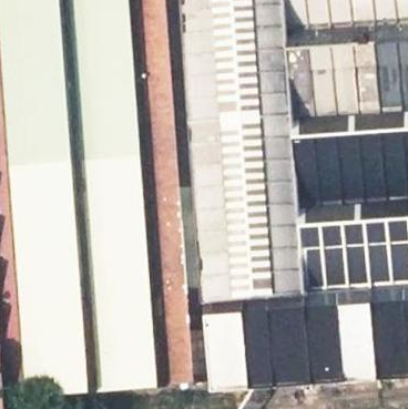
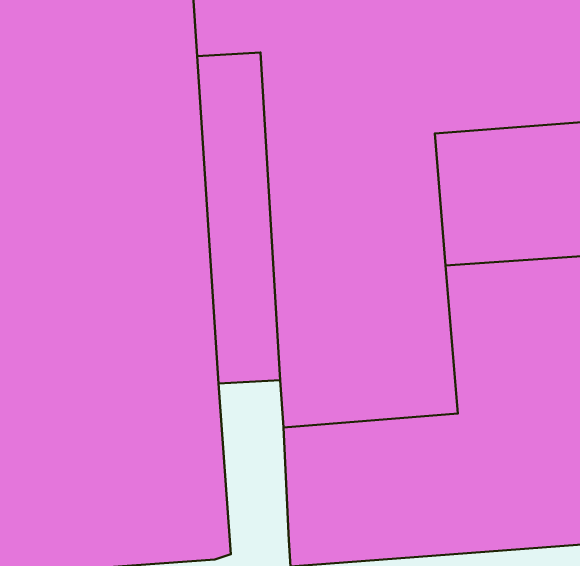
building: [160,270,204,380] -> none

